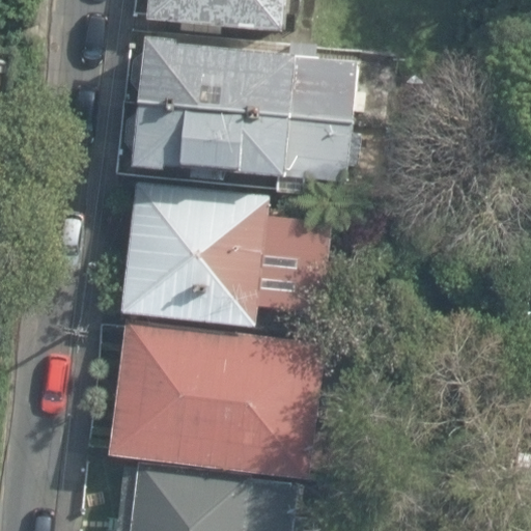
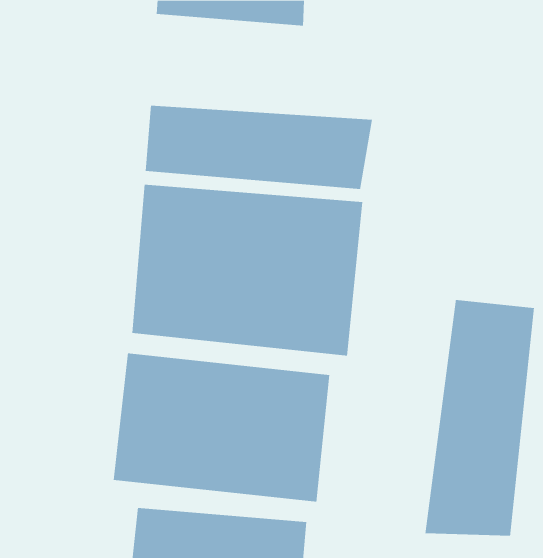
building: [142,34,359,115] -> none
building: none -> [425,299,535,537]

